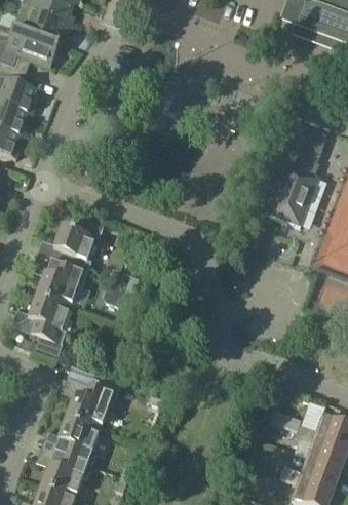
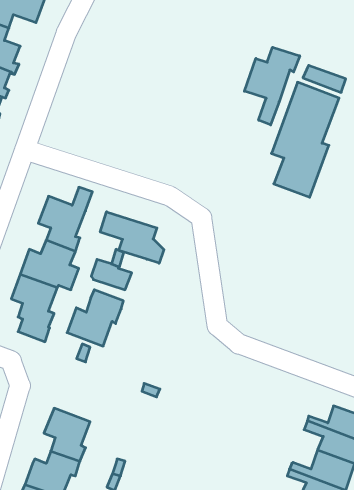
building: none -> [244,47,300,125]
building: none -> [100,212,164,263]
building: [67,378,118,429] -> [67,290,123,346]

